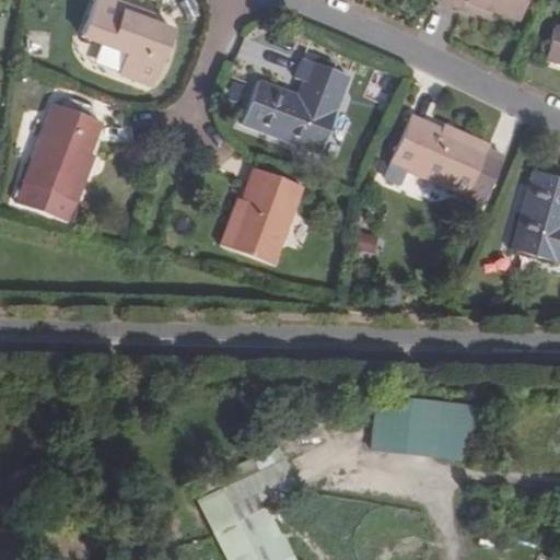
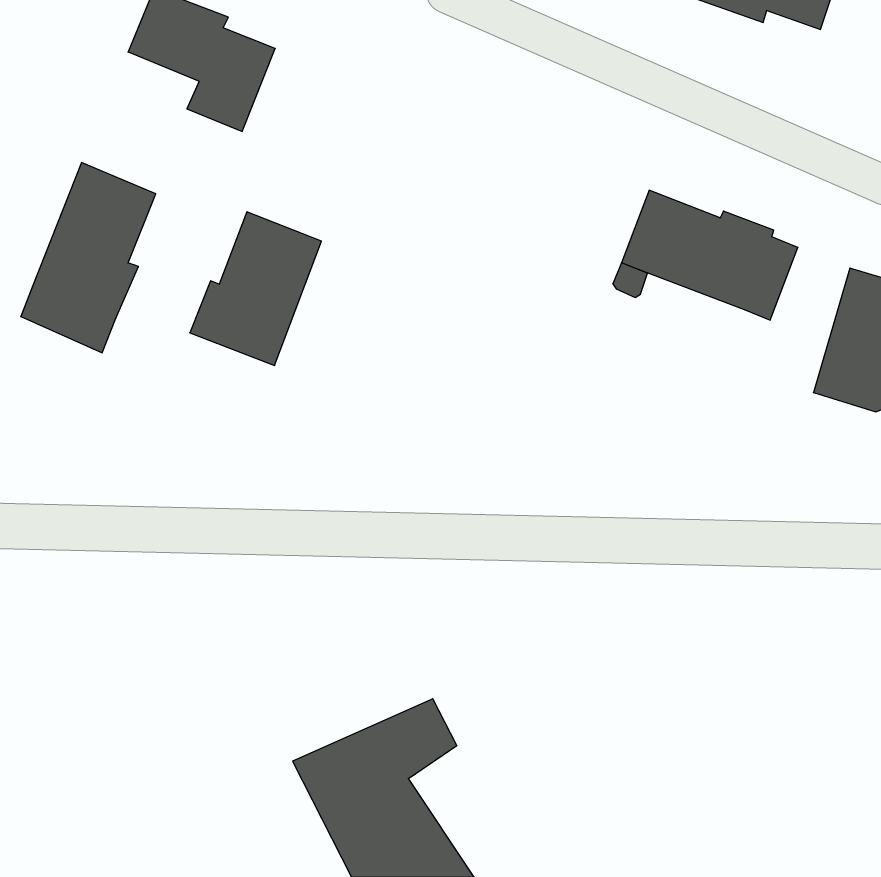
building: [246,59,349,151] -> none
building: [220,167,303,265] -> [190,212,321,366]
building: [365,384,471,459] -> none

